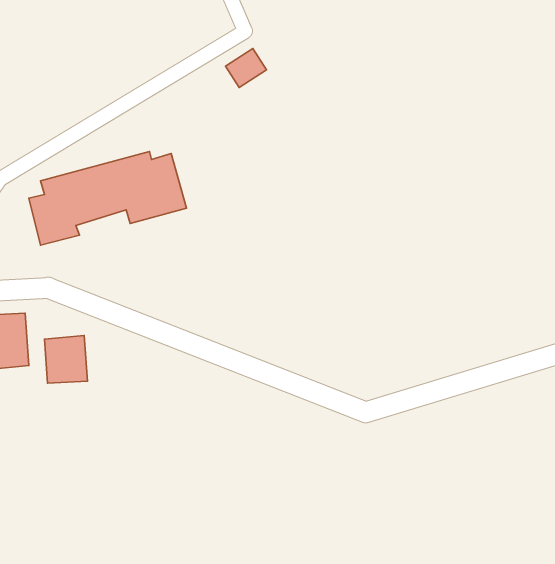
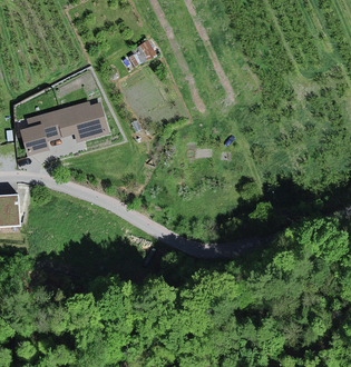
building: [44,336,87,383] -> none

